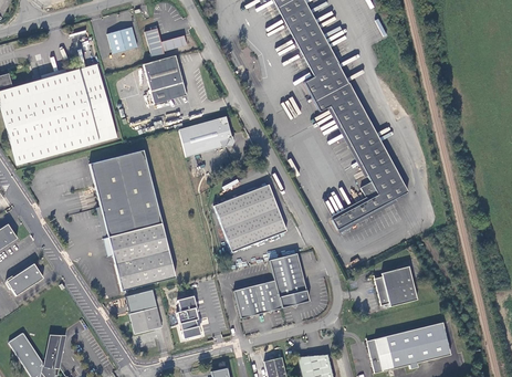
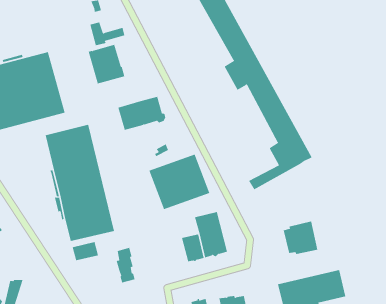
building: [107,28,138,54] -> none
building: [233,285,261,320] -> none
building: [128,306,161,333] -> none

